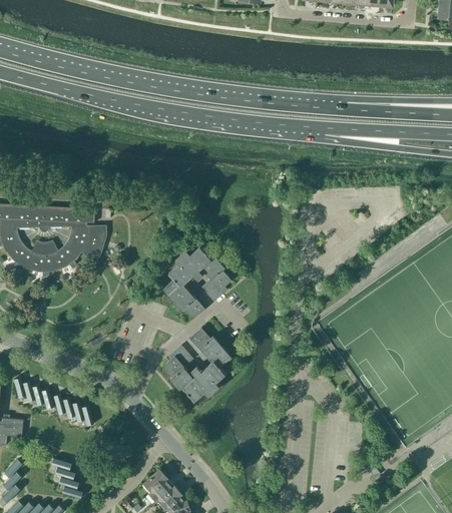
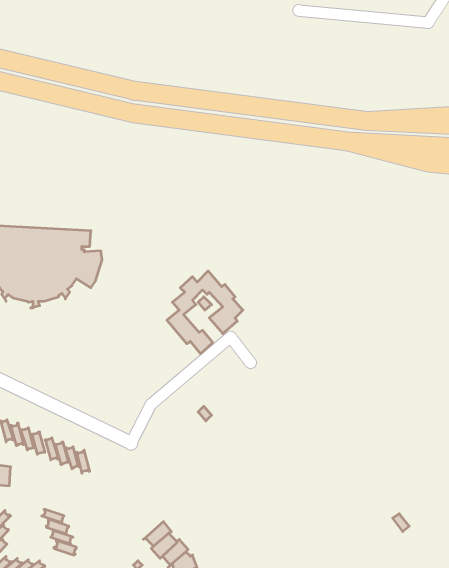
building: [162,328,231,401] -> none

